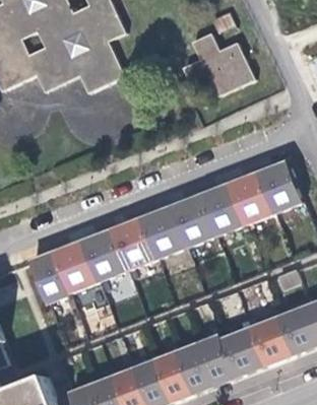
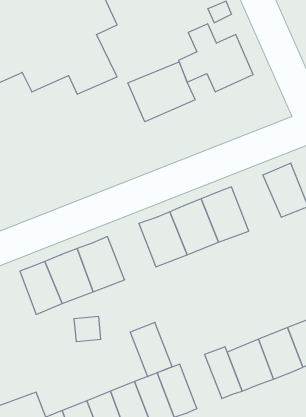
building: none -> [128,62,195,122]
building: [232,172,278,224] -> none
building: [115,217,161,270] -> none
building: [183,340,223,391] -> [130,322,172,376]

